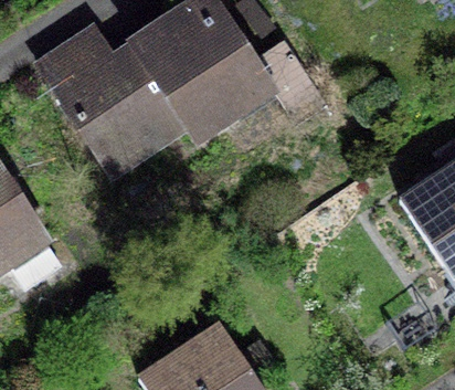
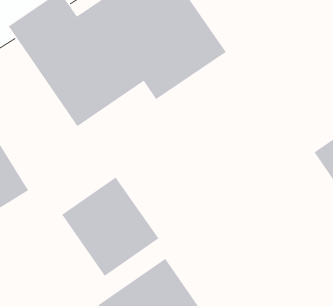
building: none -> [61,176,159,277]

